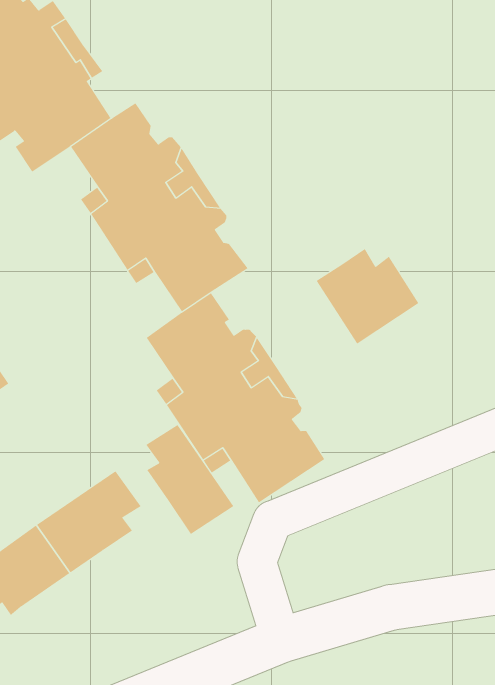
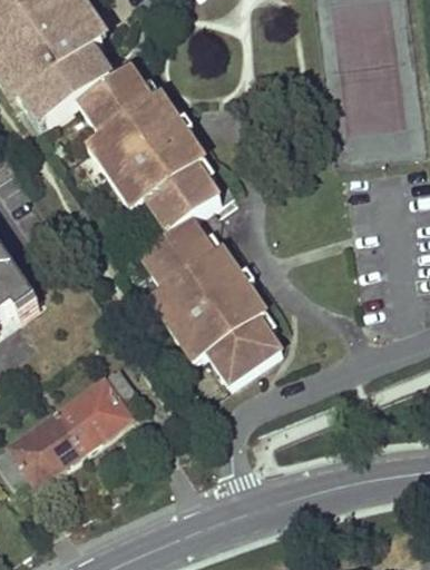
building: [316,248,419,345] -> none
building: [145,424,234,535] -> none

